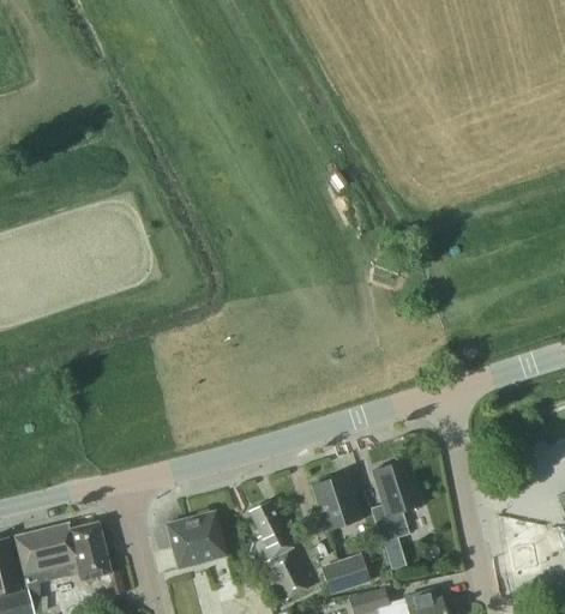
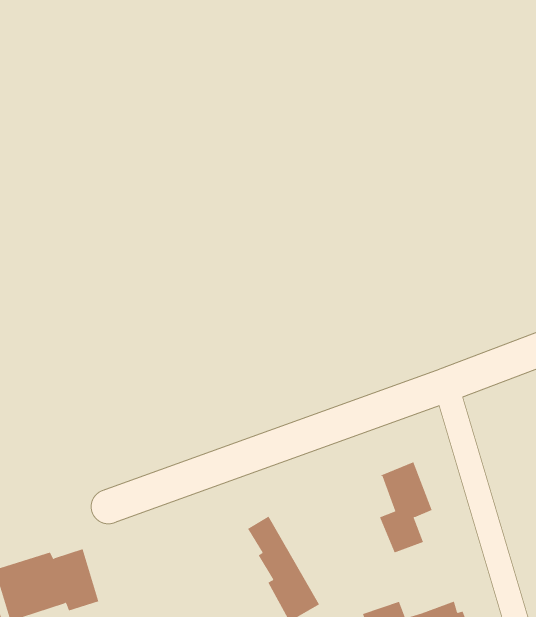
building: [314,475,360,531] -> none
building: [167,508,227,570] -> none
building: [321,553,369,594] -> none

